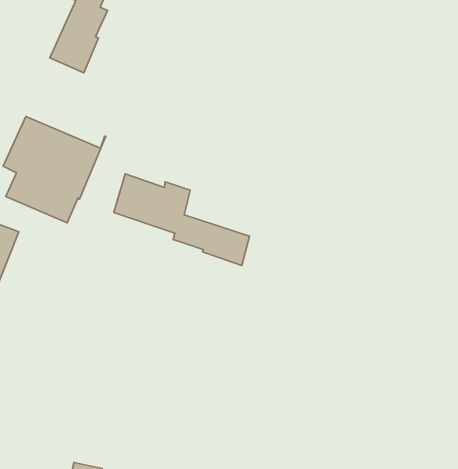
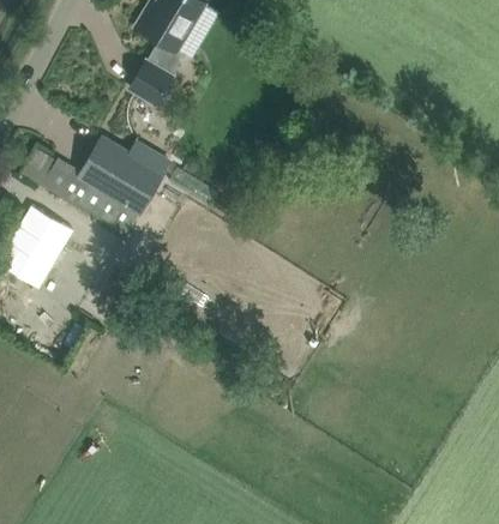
building: [114,174,249,265] -> none

